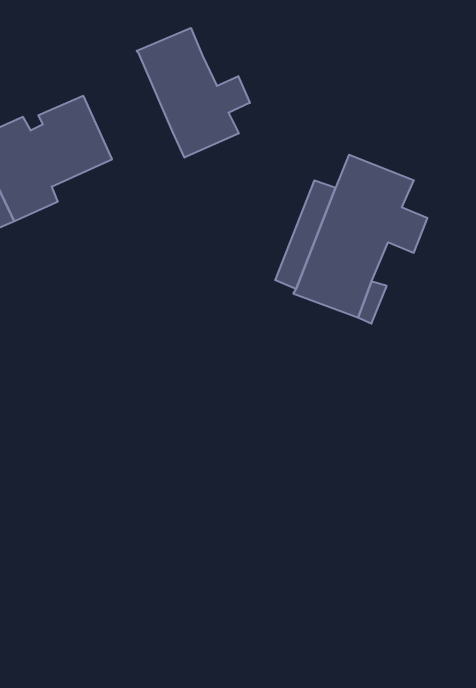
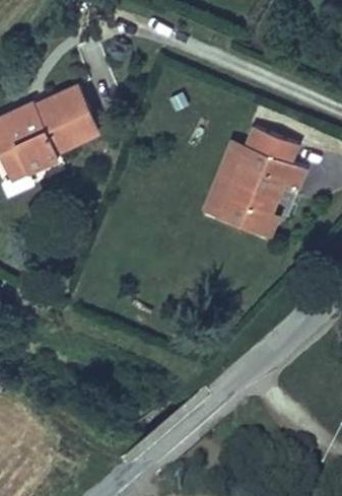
building: [137,28,250,158] -> none

